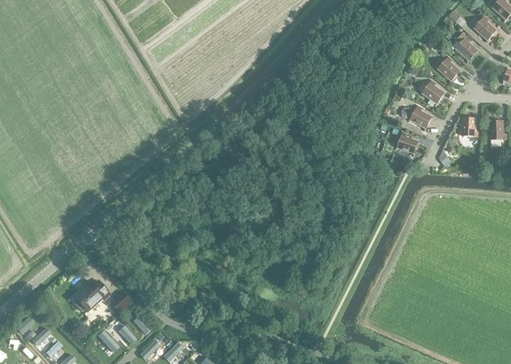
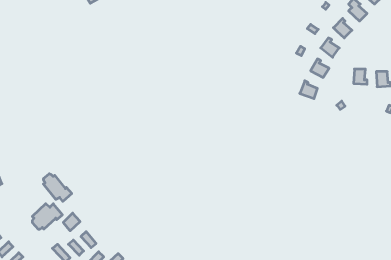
building: none -> [43,174,72,201]

